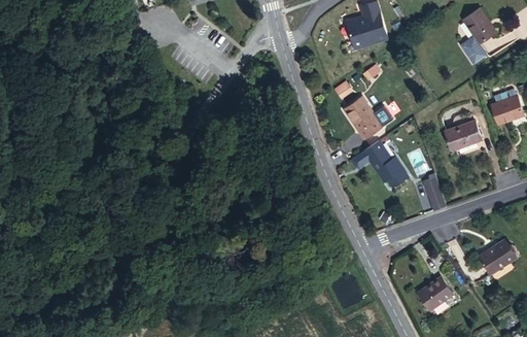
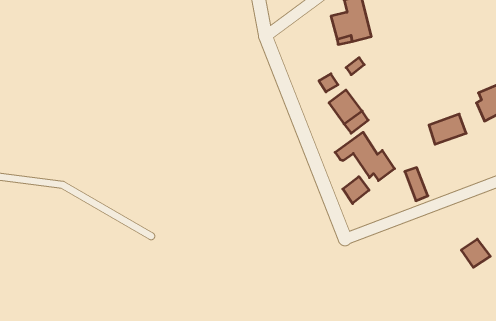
building: [459,7,494,59] -> none
building: none -> [343,177,369,204]
building: [420,277,454,311] -> none

